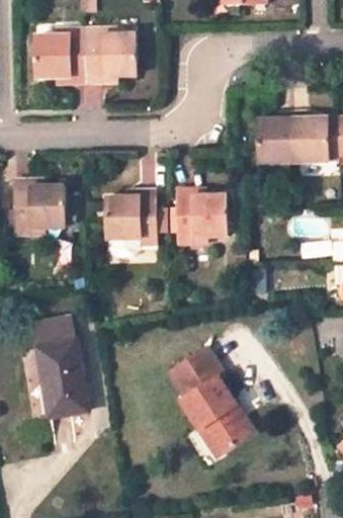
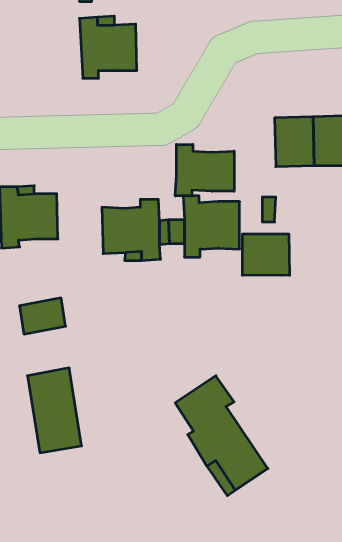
building: [32,28,86,84] -> none
building: none -> [175,144,234,196]
building: none -> [242,234,290,275]
building: [32,317,74,349] -> [19,298,66,334]

